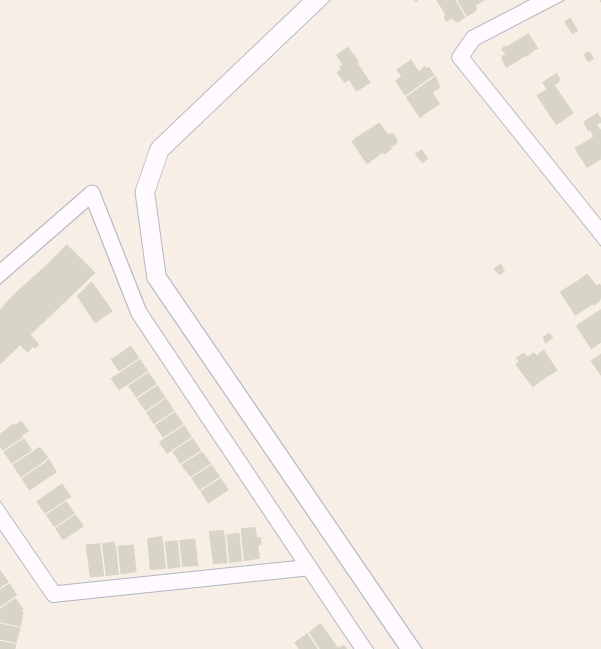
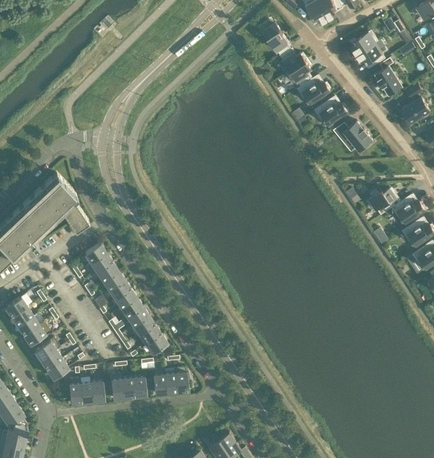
building: [335,46,372,93] -> [266,24,291,56]
building: none -> [355,43,386,70]
building: [350,121,399,165] -> [297,76,330,106]
building: none -> [314,97,348,127]
building: none -> [333,121,372,150]
building: [515,349,559,388] -> [369,188,399,215]

